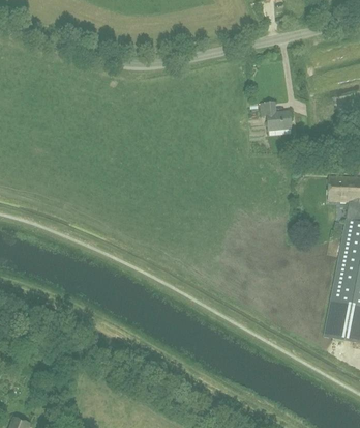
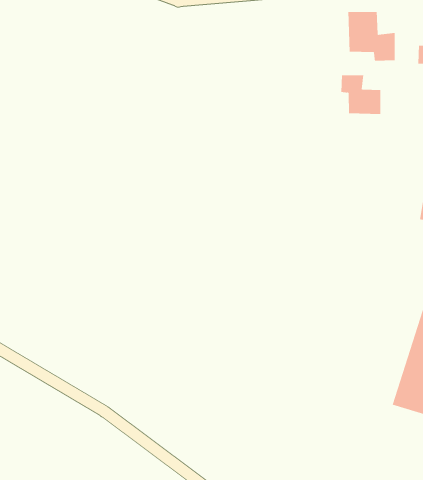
building: none -> [348,11,395,62]

